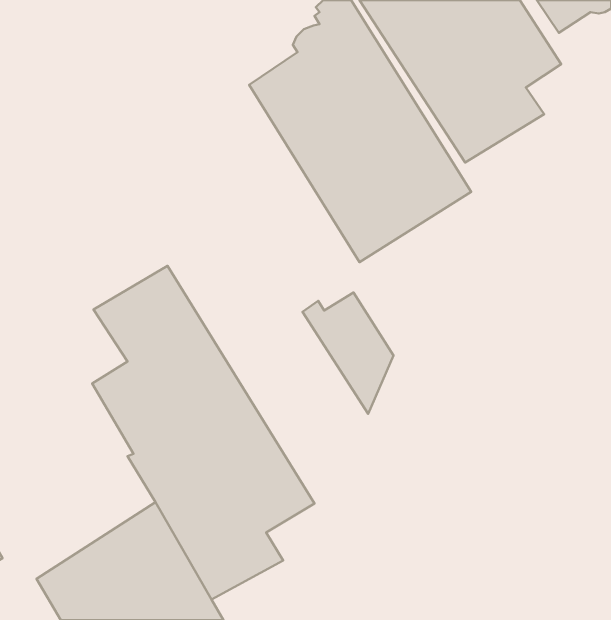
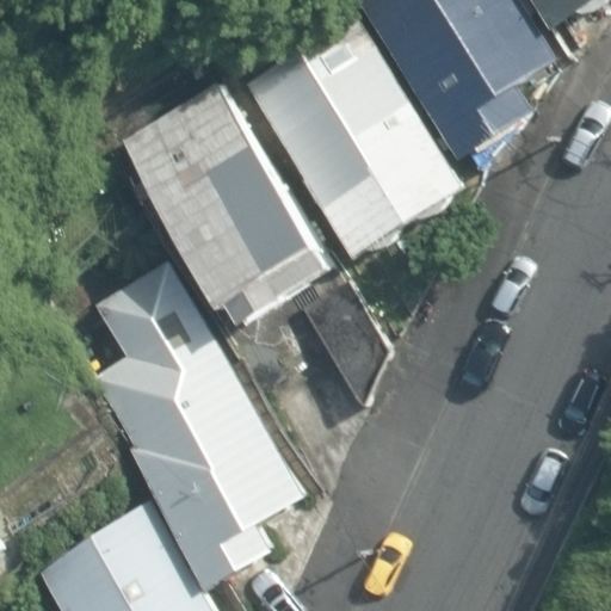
building: none -> [119,81,331,325]

